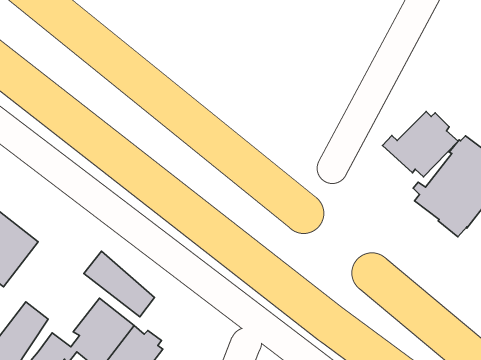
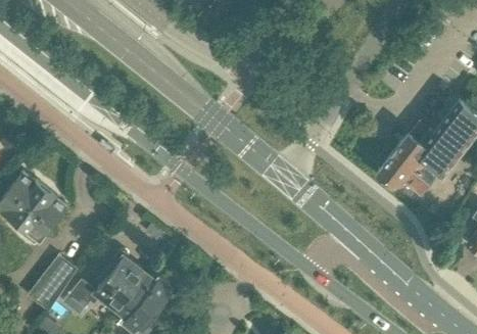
building: [382,111,458,177] -> none
building: [84,251,155,317] -> none

